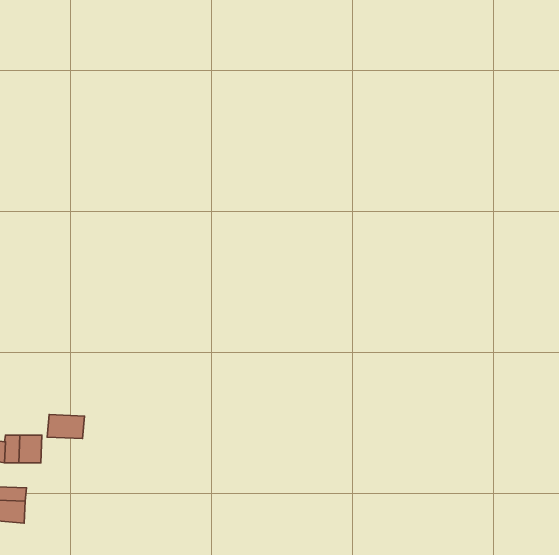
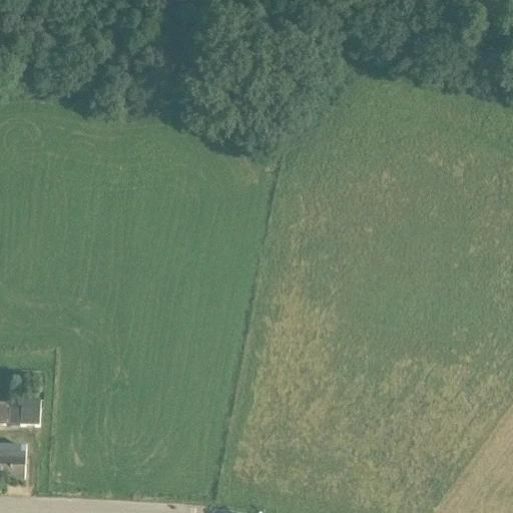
building: [47,415,84,439] -> none

